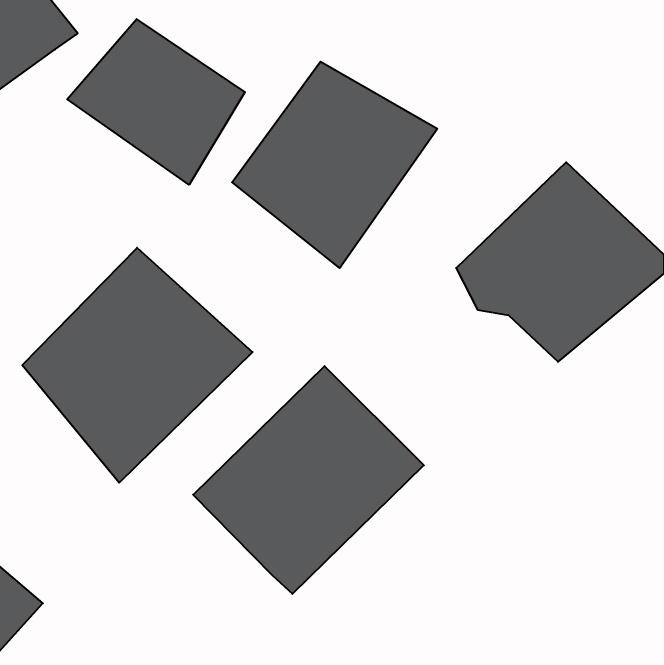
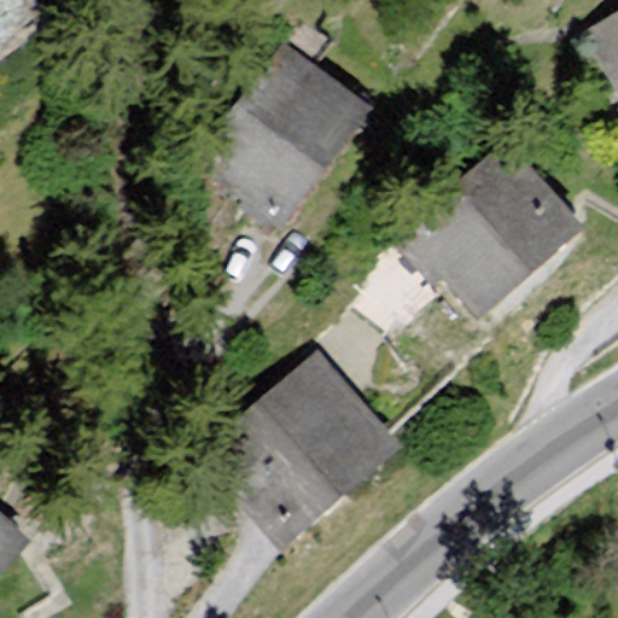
building: [67,19,245,185] -> none
building: [22,248,253,483] -> none

